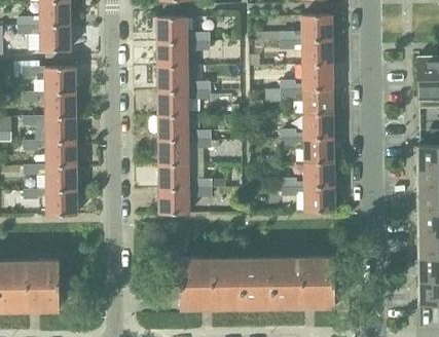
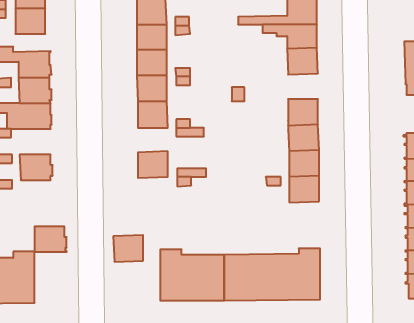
building: [281,88,332,113] -> none
building: [158,141,187,164] -> none
building: [44,142,76,166] -> none
building: [158,188,187,214] -> [113,235,143,262]
building: [45,191,76,216] -> [35,226,67,252]

